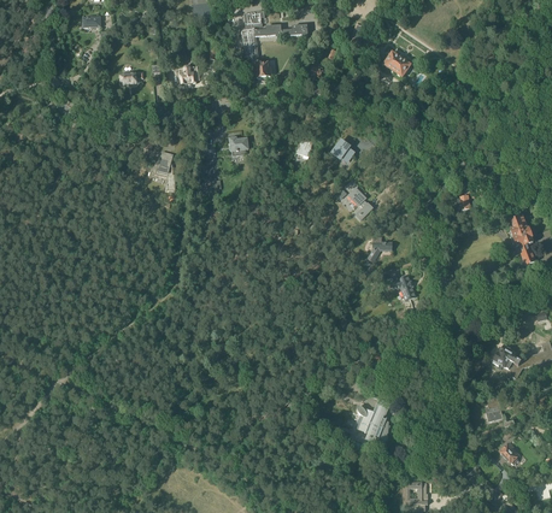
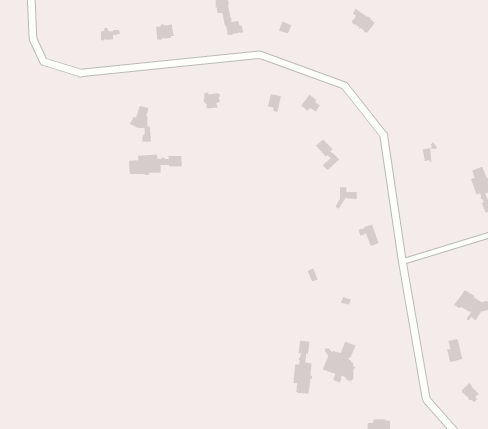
building: none -> [129,154,182,176]
building: none -> [293,340,312,394]

